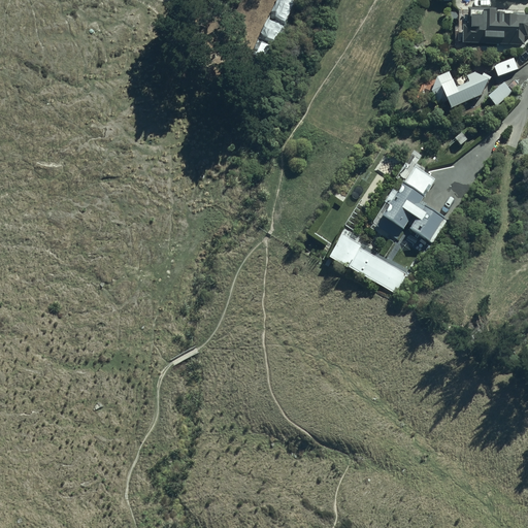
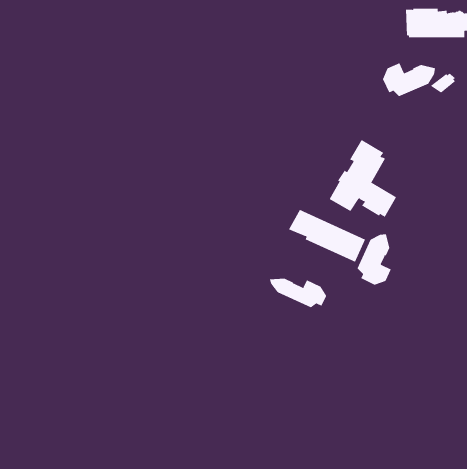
building: none -> [357,233,392,286]
building: none -> [269,278,327,308]

